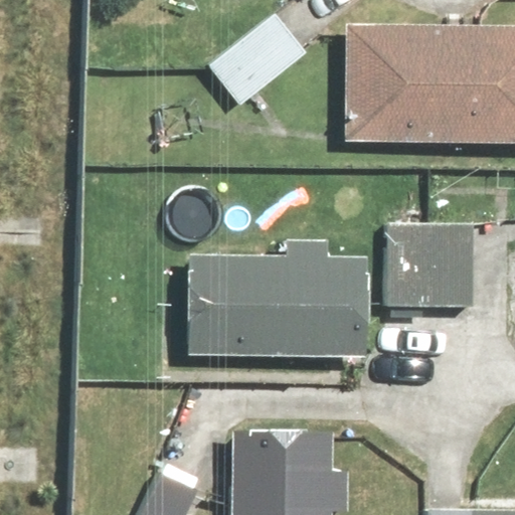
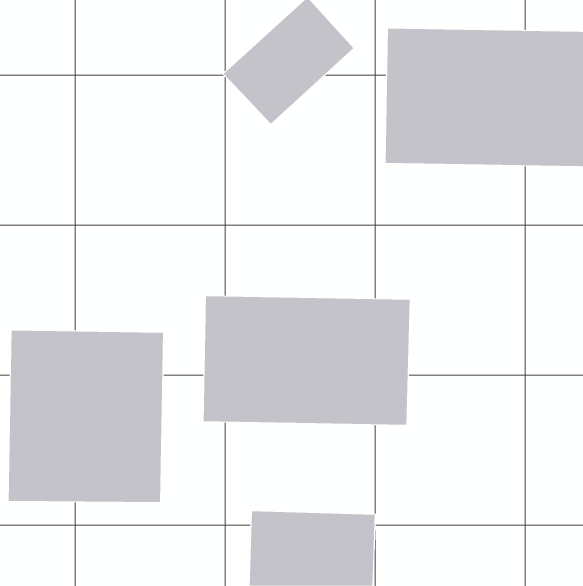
building: [388,213,477,308] -> none
building: none -> [8,330,164,503]

